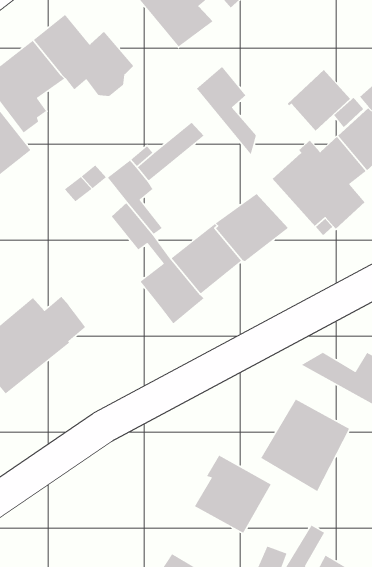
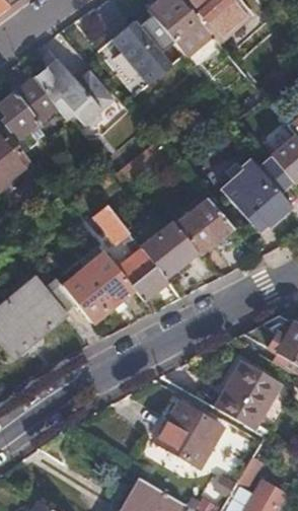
building: [196,66,257,156] -> none
building: [287,69,351,131] -> none
building: none -> [61,252,132,323]

